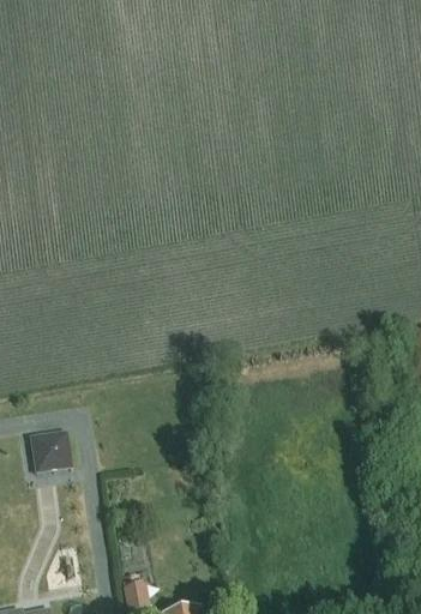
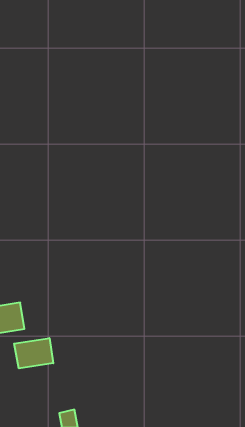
building: none -> [14,338,53,368]

